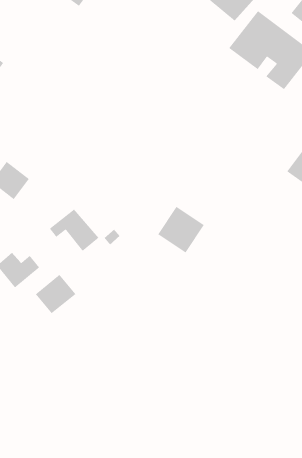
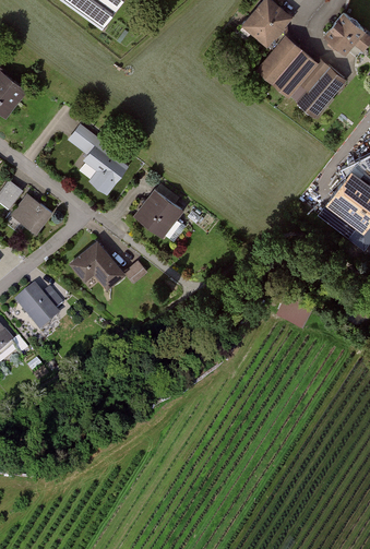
building: none -> [72,122,134,192]
building: [157,206,205,253] -> [140,186,189,235]
building: [35,274,77,314] -> none

